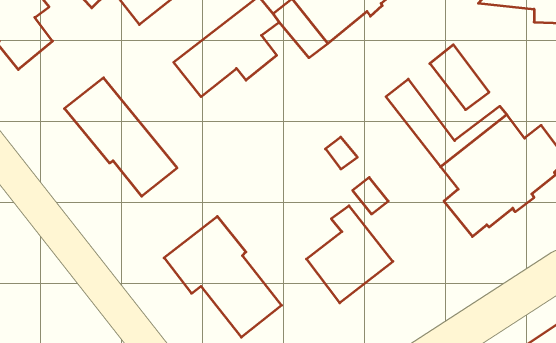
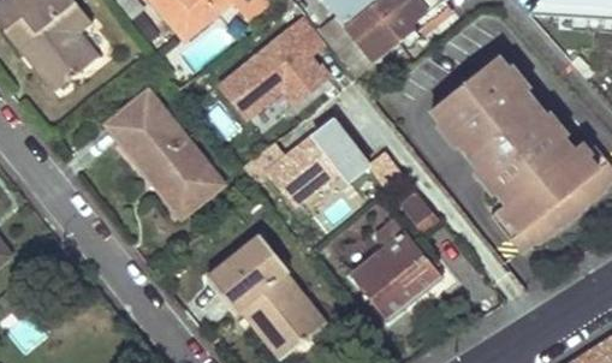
building: none -> [456,78,548,156]
building: none -> [266,115,367,202]

